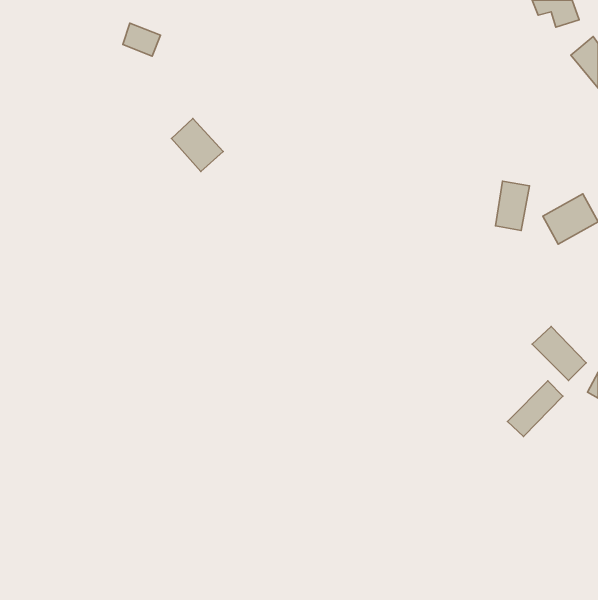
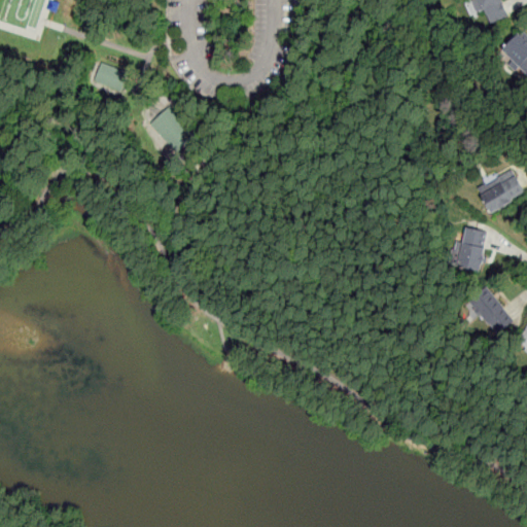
building: [123,23,160,56] -> [95,60,128,89]
building: [495,181,529,230] -> [456,229,486,272]
building: [507,381,563,436] -> none

